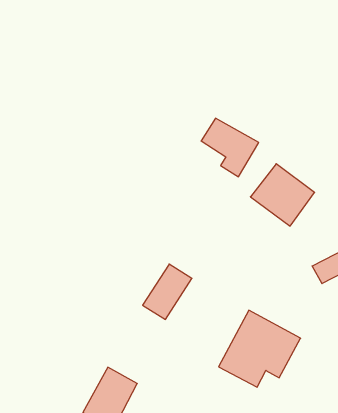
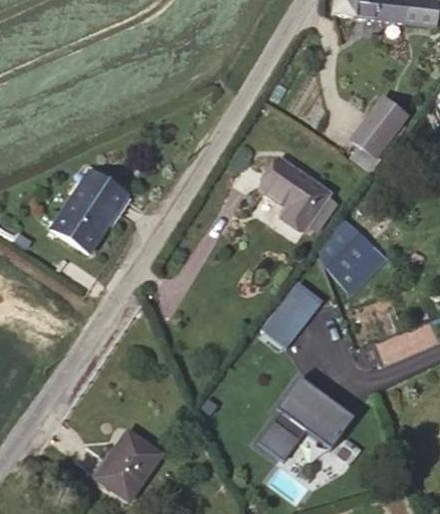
building: none -> [350,94,417,174]
building: none -> [54,171,129,251]
building: [143,264,192,319] -> [260,286,319,348]

